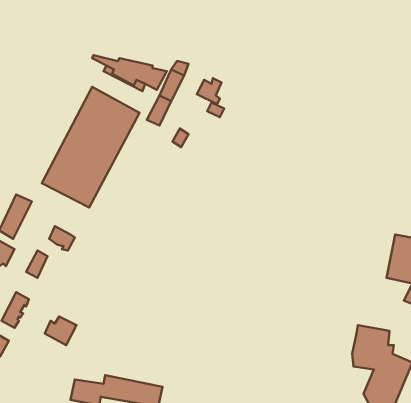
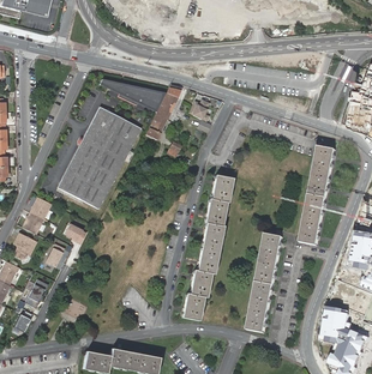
building: none -> [300,146,336,246]
building: none -> [182,174,233,320]
building: none -> [247,229,283,332]

